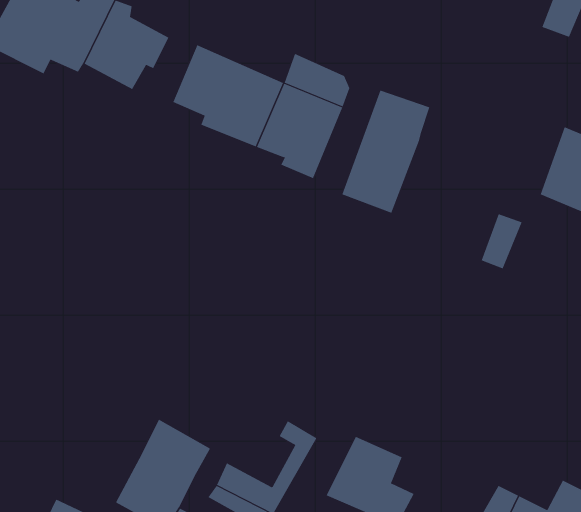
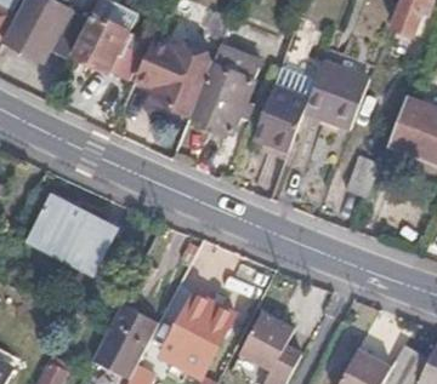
building: none -> [305,58,368,126]
building: none -> [27,196,117,276]
building: none -> [170,291,217,348]

